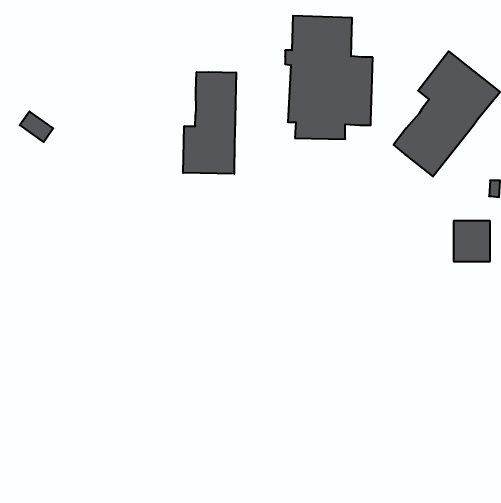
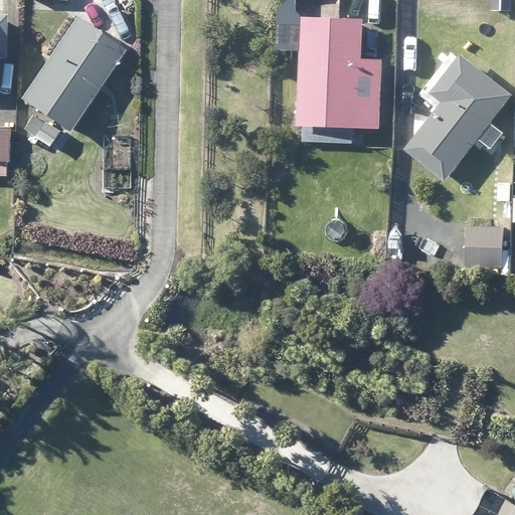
building: none -> [18,17,122,131]
building: [183,72,236,174] -> none

